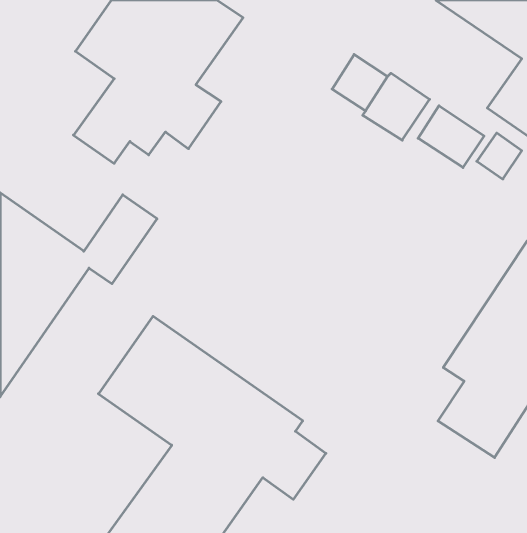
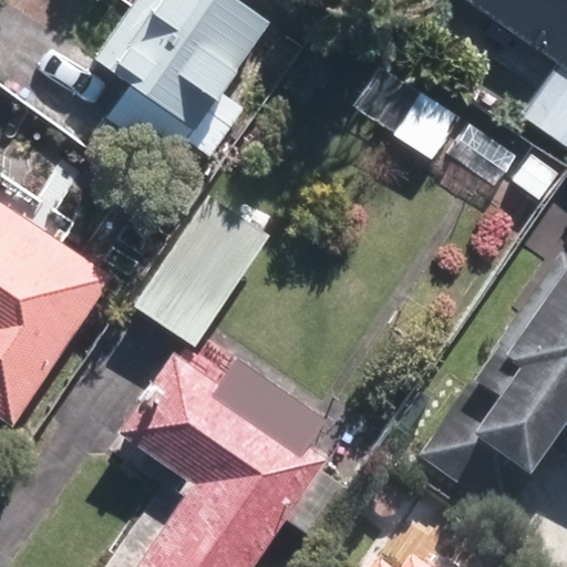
building: none -> [135,186,272,337]

